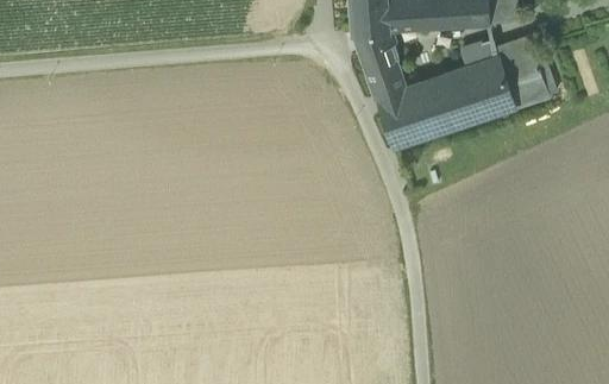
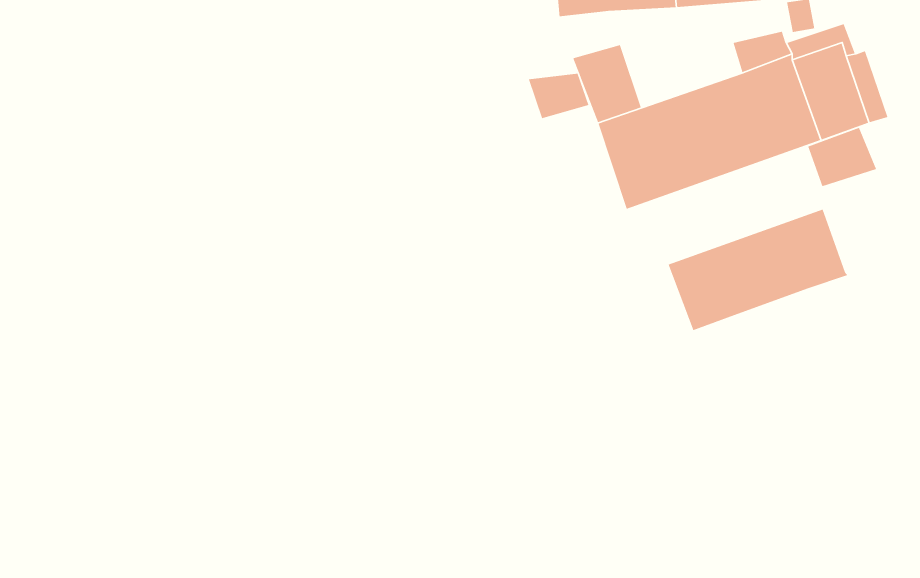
building: [352,29,390,57] -> [528,73,590,119]
building: none -> [807,127,877,187]
building: none -> [667,209,849,331]

